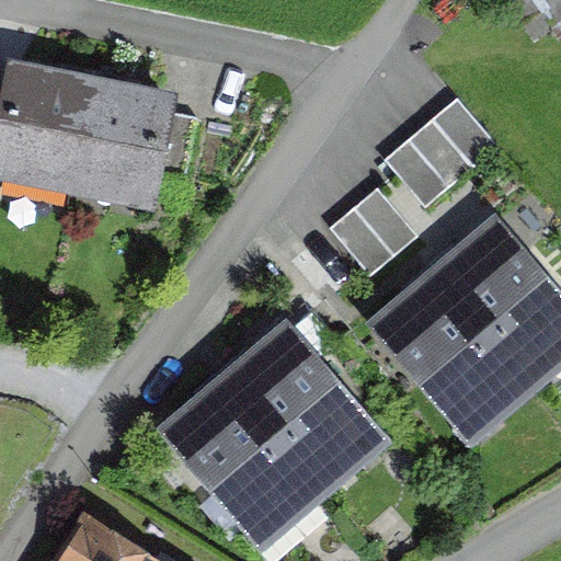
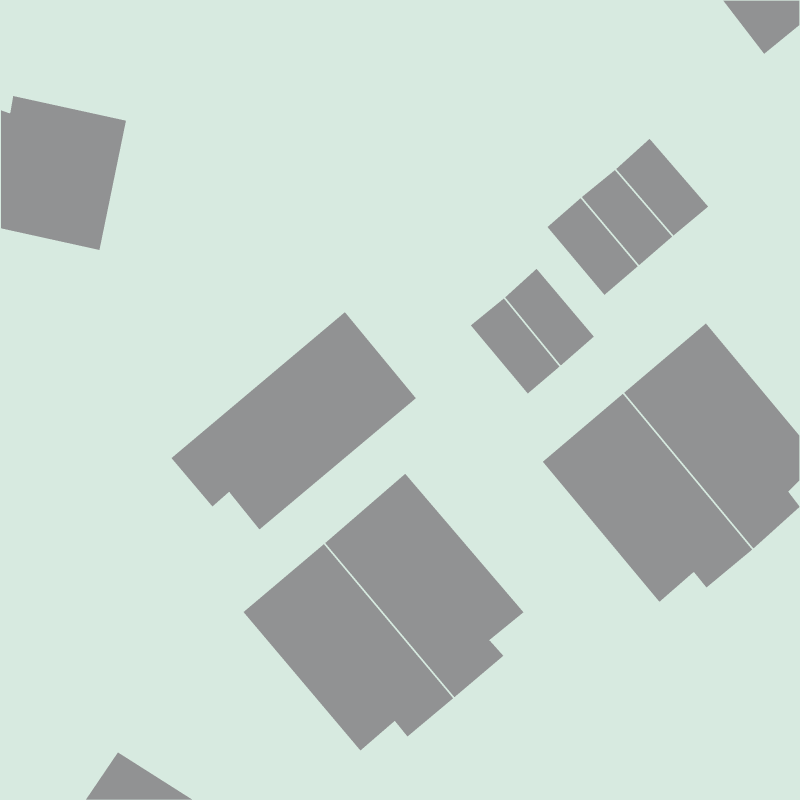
building: [70,84,193,191] -> none
building: none -> [171,311,417,530]

